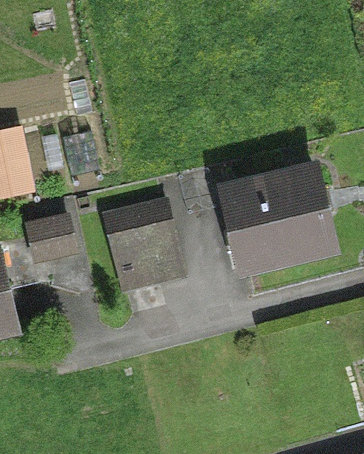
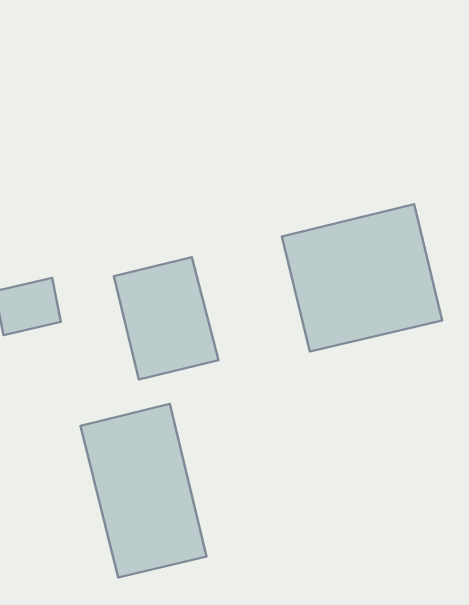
building: none -> [80,404,206,577]

